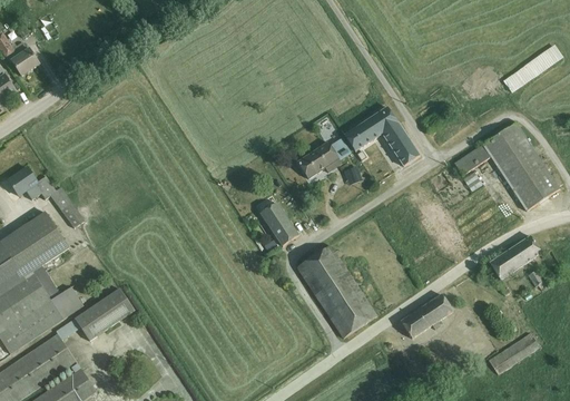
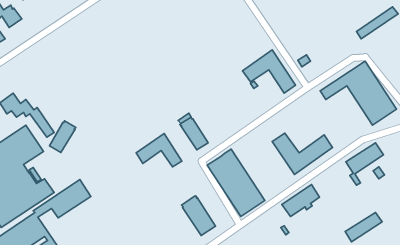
building: [295,138,351,179] -> none
building: none -> [50,121,76,152]
building: none -> [272,133,332,175]
building: none -> [136,133,182,167]
building: none -> [182,196,216,236]

